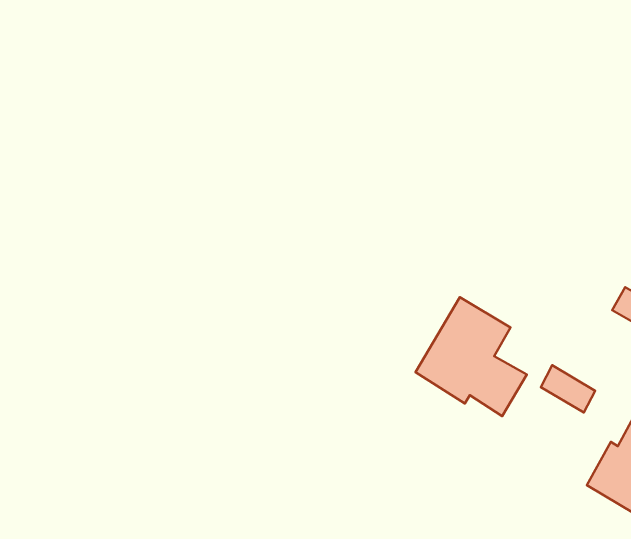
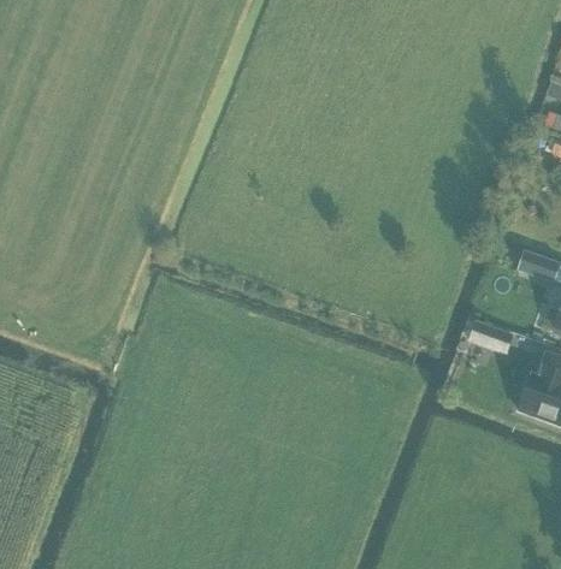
building: [415,297,527,416] -> none

